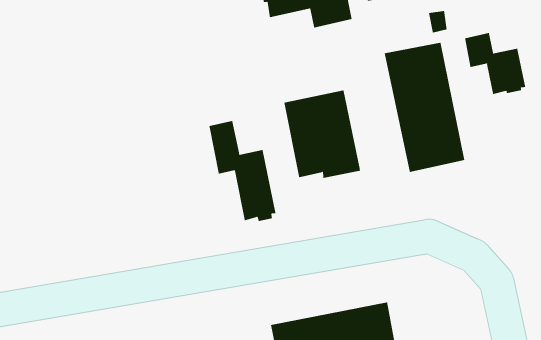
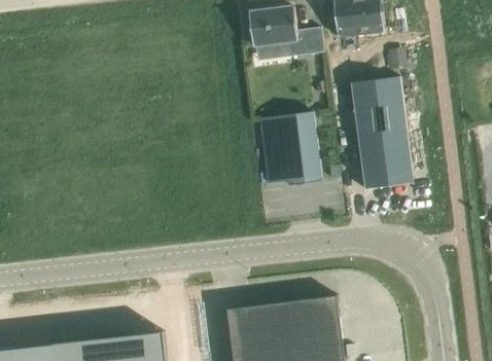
building: [464,32,526,95] -> none
building: [209,120,276,222] -> none

